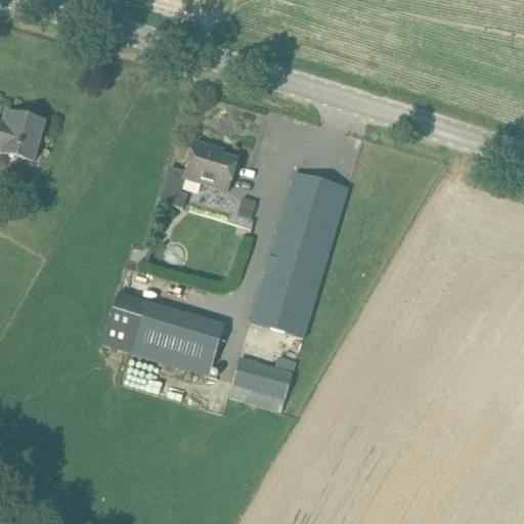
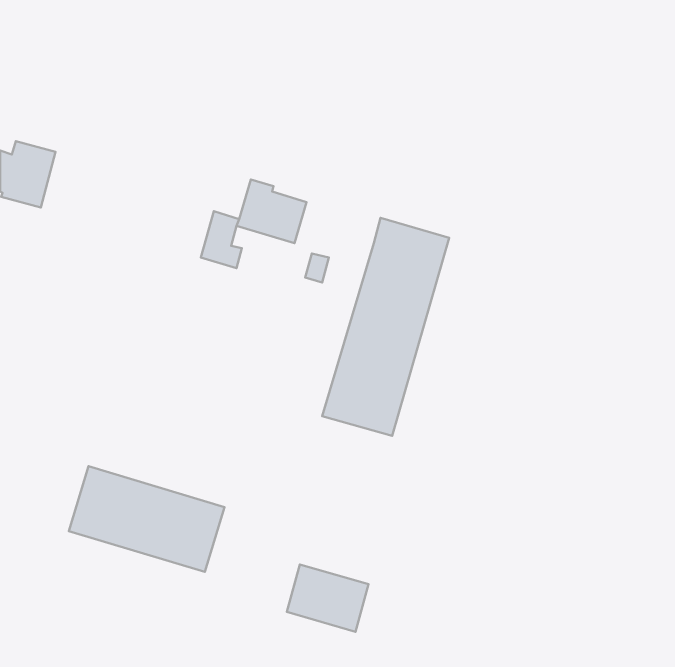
building: [102,293,223,375] -> [69,466,225,572]
building: [229,357,293,409] -> [287,564,369,632]

